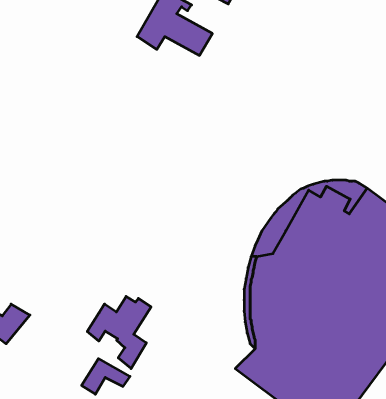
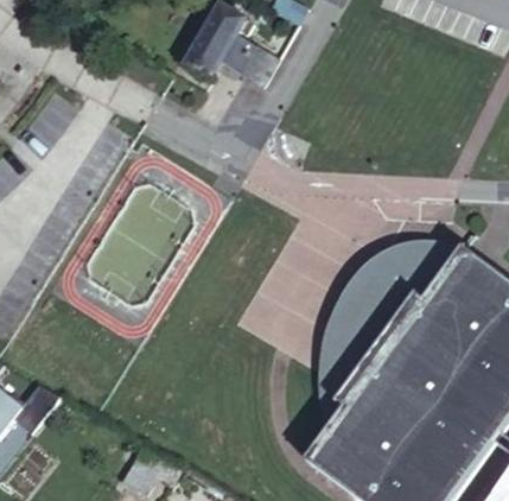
building: [87,296,151,369] -> none

